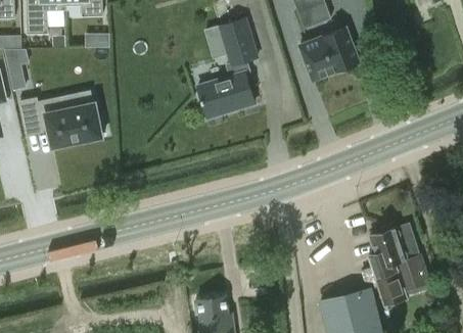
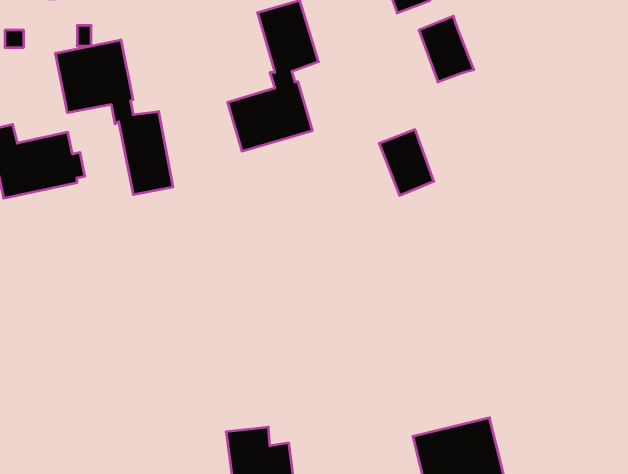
building: [299,37,335,80] -> [379,130,434,195]
building: none -> [56,40,173,195]
building: [368,223,423,303] -> none

